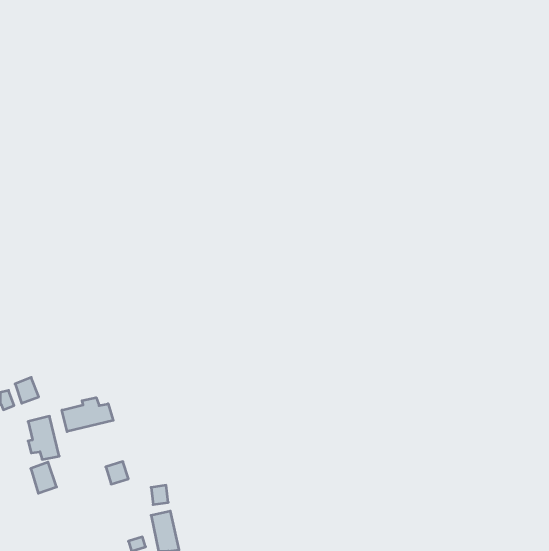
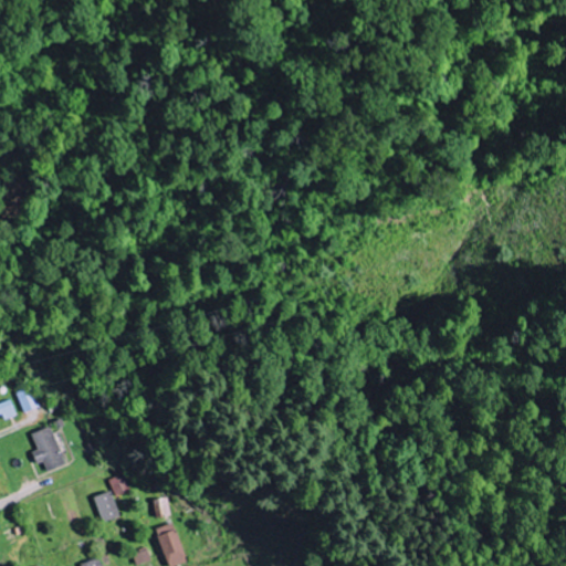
building: [62,398,113,432] -> none
building: [31,462,57,493] -> [94,491,120,523]

